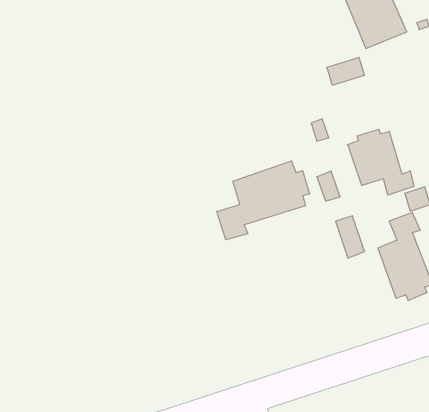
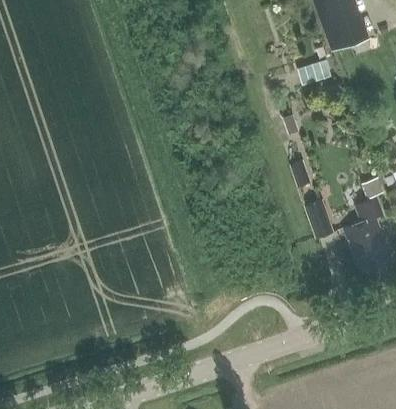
building: [348,129,414,195] -> none
building: [217,161,310,240] -> none

